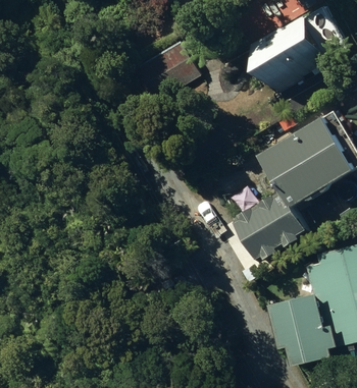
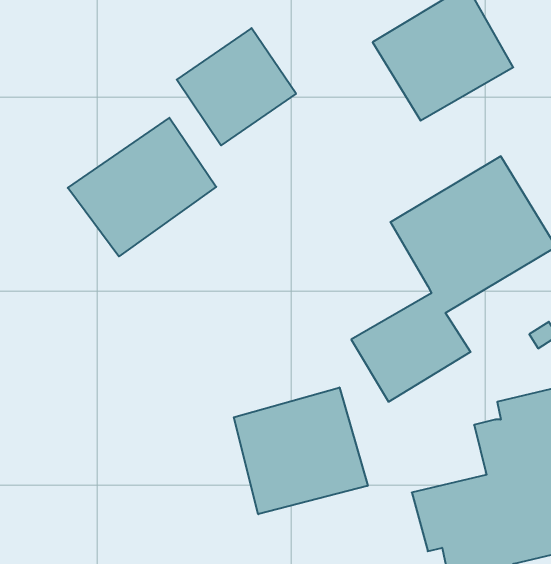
building: none -> [68,118,216,256]
building: none -> [234,387,368,514]

